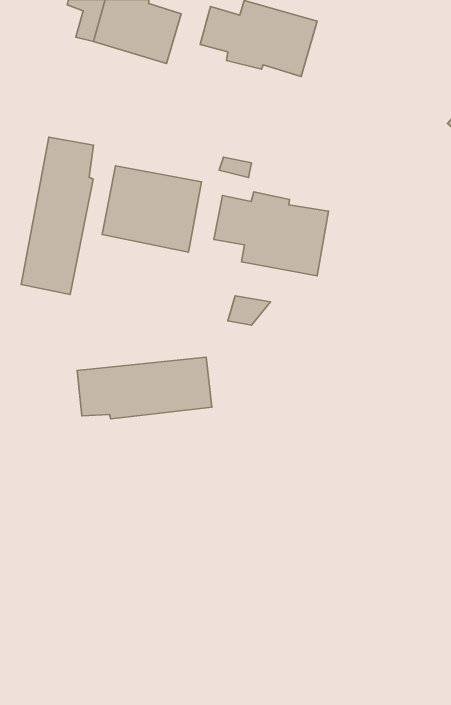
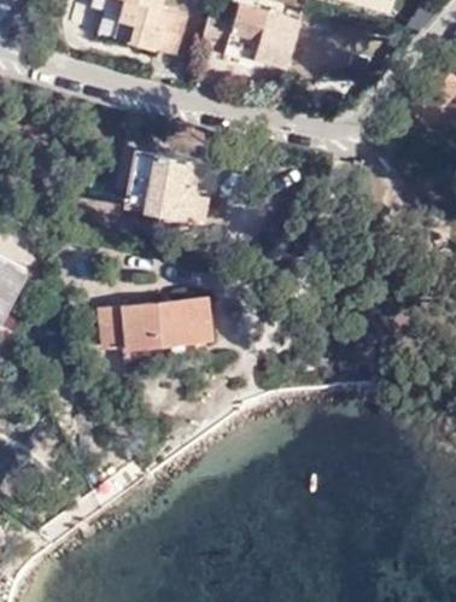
building: [21,137,94,295] -> none
building: [214,192,329,276] -> none

